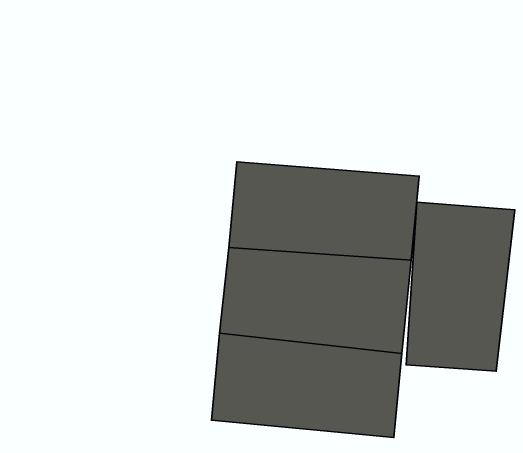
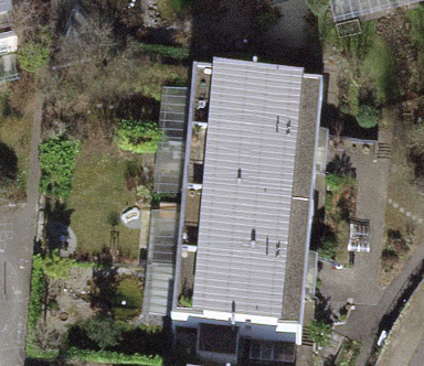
building: none -> [194,72,327,140]
building: [406,202,515,371] -> none

